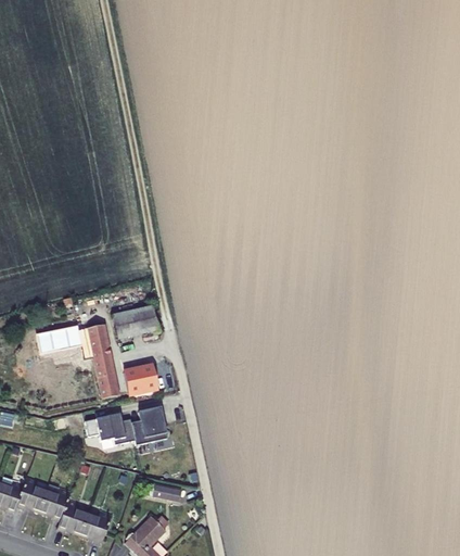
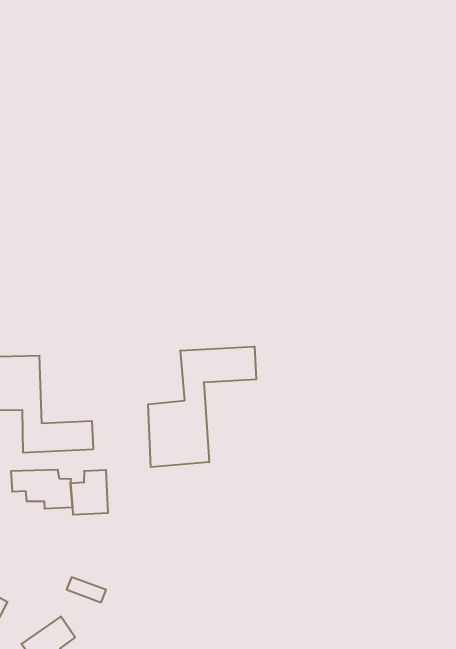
building: none -> [148,346,256,467]
building: [112,307,157,341] -> none

